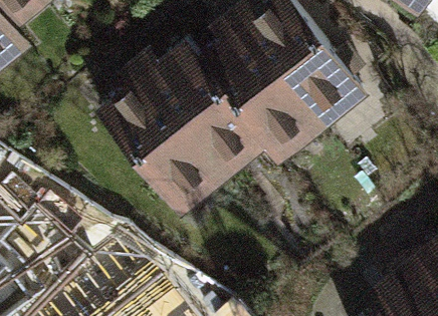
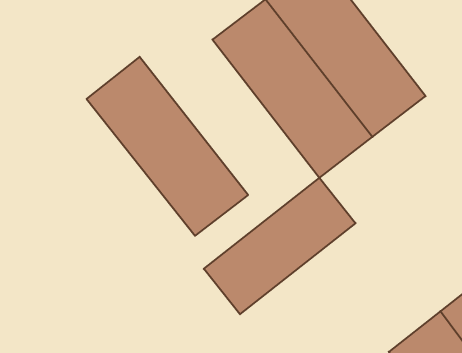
building: [140,29,271,175] -> none
building: none -> [204,178,356,314]

